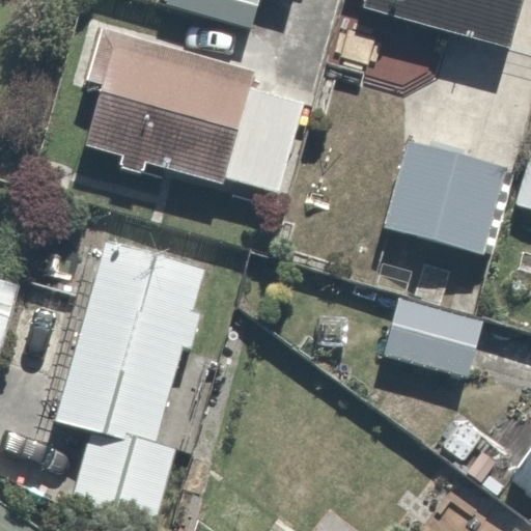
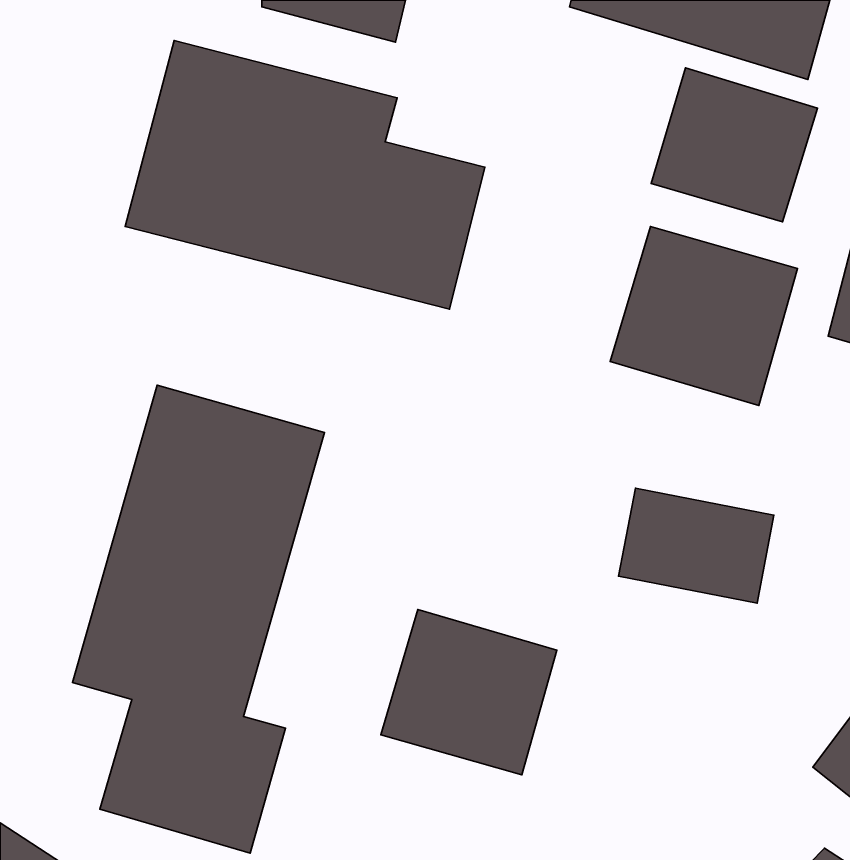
building: none -> [651,68,817,222]
building: none -> [381,610,557,775]

